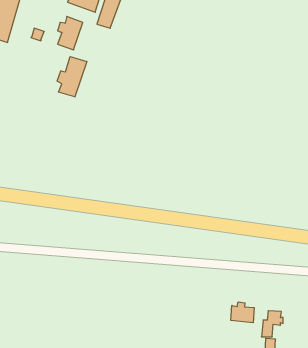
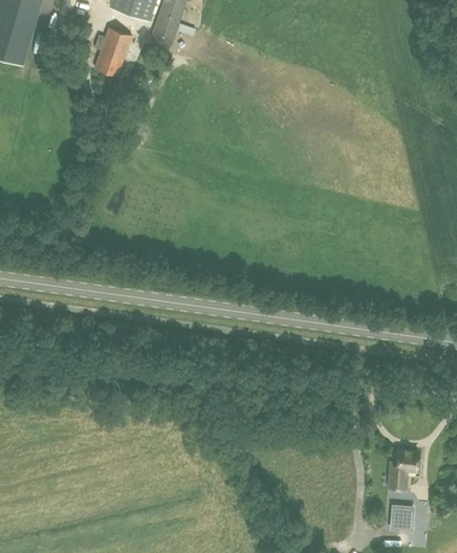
building: [57,57,87,97] -> none
building: [231,302,254,323] -> none

